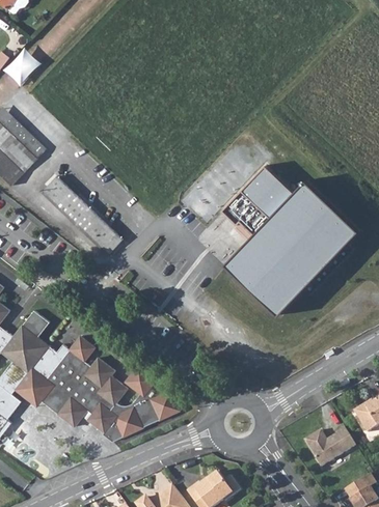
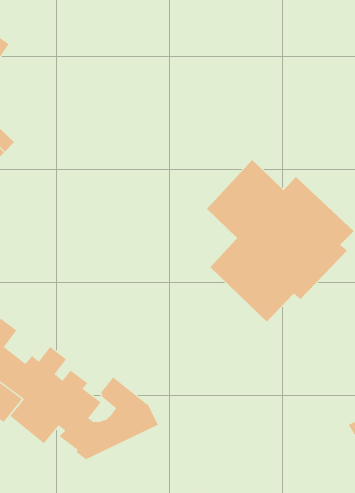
building: [42,177,123,255] -> none
building: [304,426,356,466] -> none

